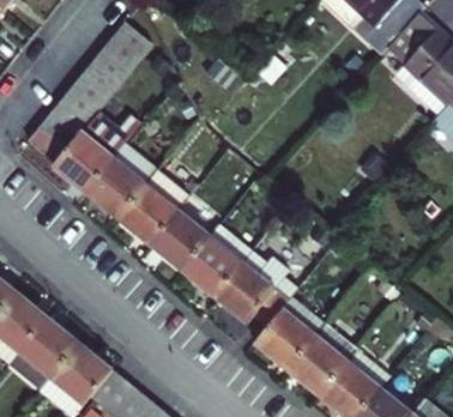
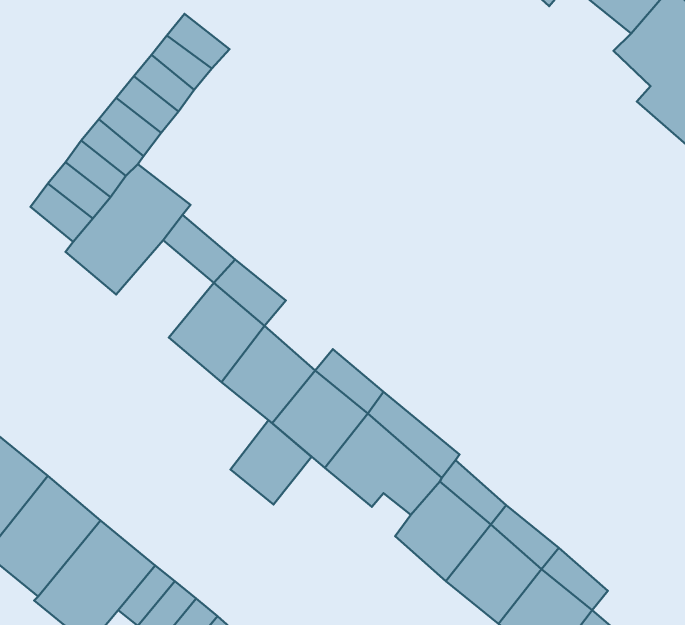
building: [86,167,146,226] -> none
building: none -> [230,420,312,505]

